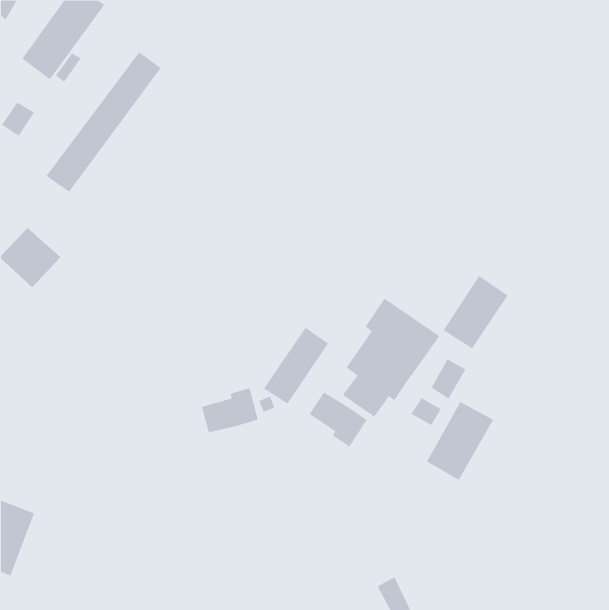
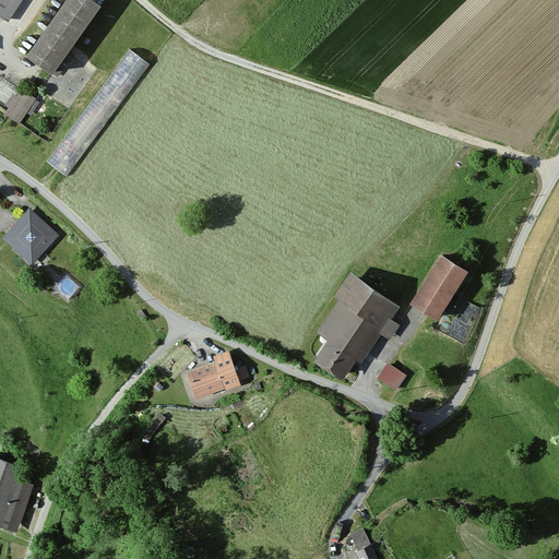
building: [263,327,329,405] -> none
building: [431,358,466,399] -> none
building: [309,392,367,448] -> none
building: [426,401,494,481] -> none

